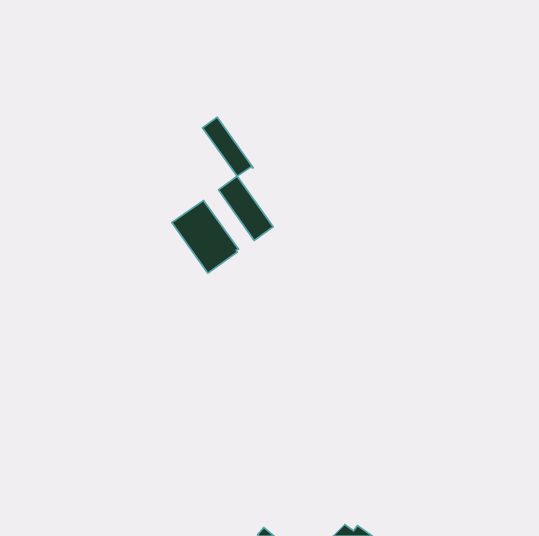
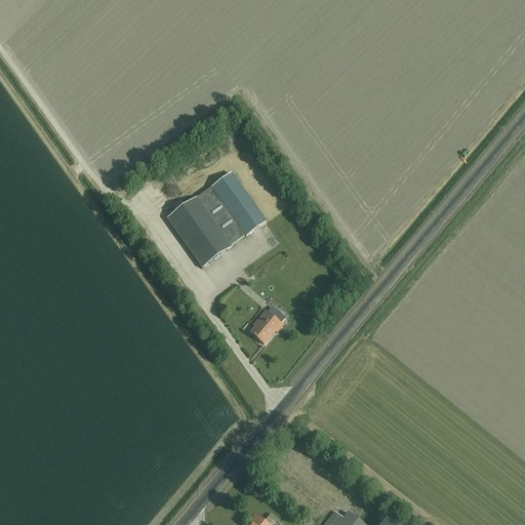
building: [203,117,253,176] -> [198,185,247,242]
building: none -> [250,309,283,342]

